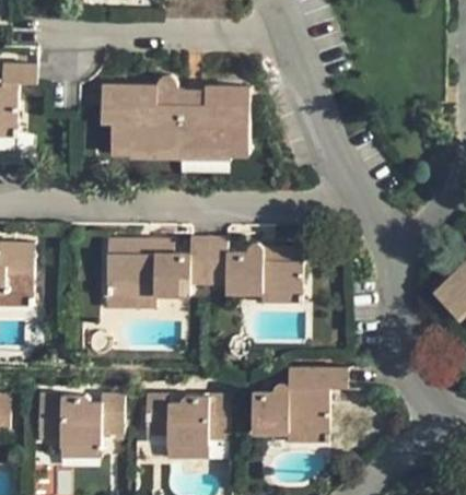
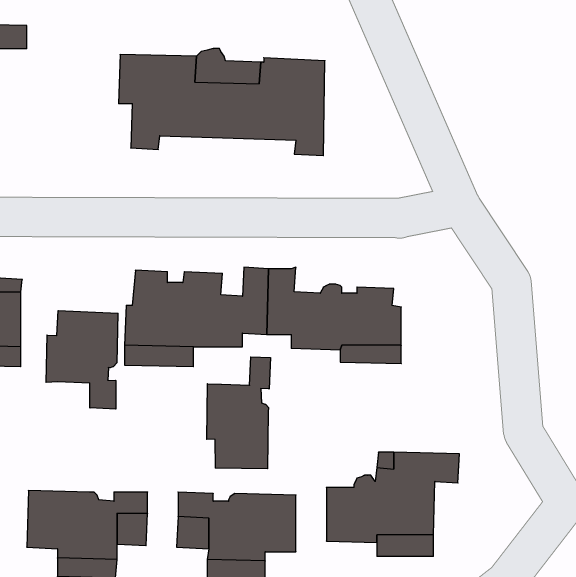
building: none -> [46,311,118,409]
building: none -> [207,357,270,469]

